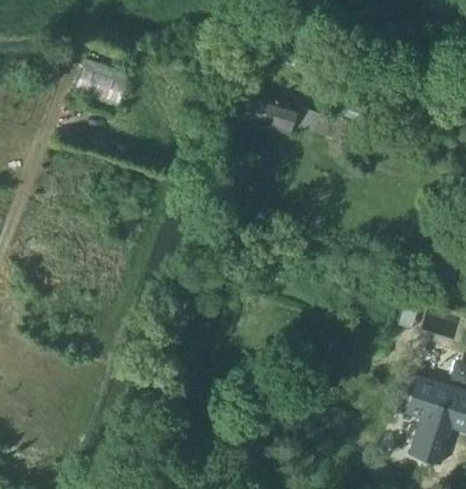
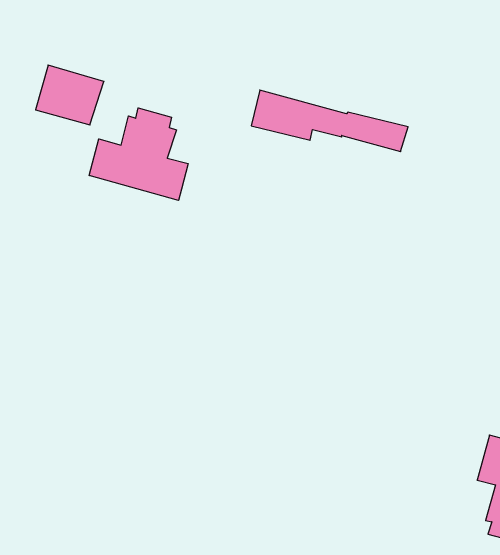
building: none -> [89,108,188,200]

